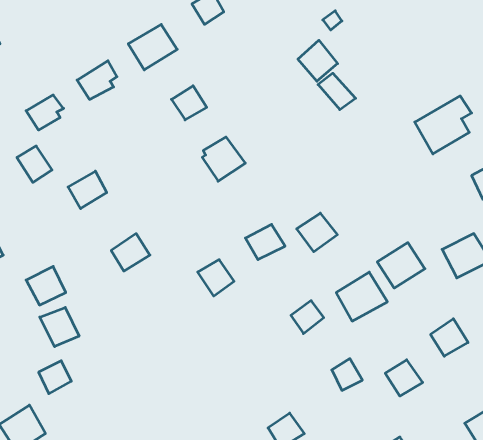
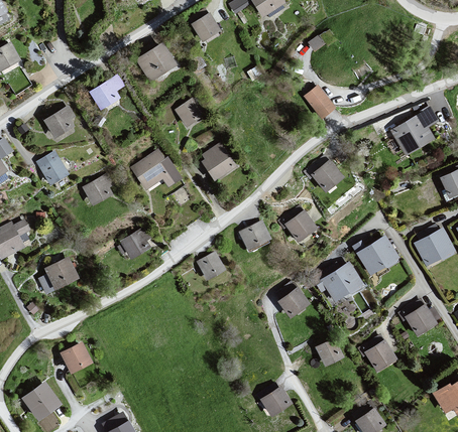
building: [298,40,338,81] -> none
building: none -> [130,147,182,191]
building: none -> [312,159,347,193]
building: [40,307,79,347] -> none

